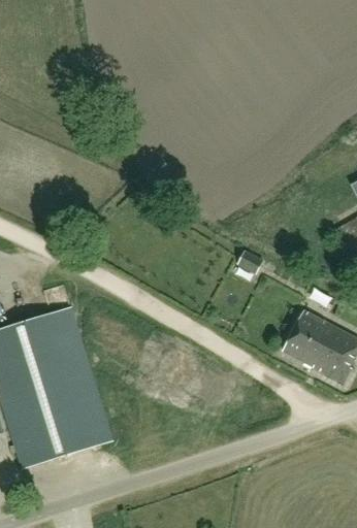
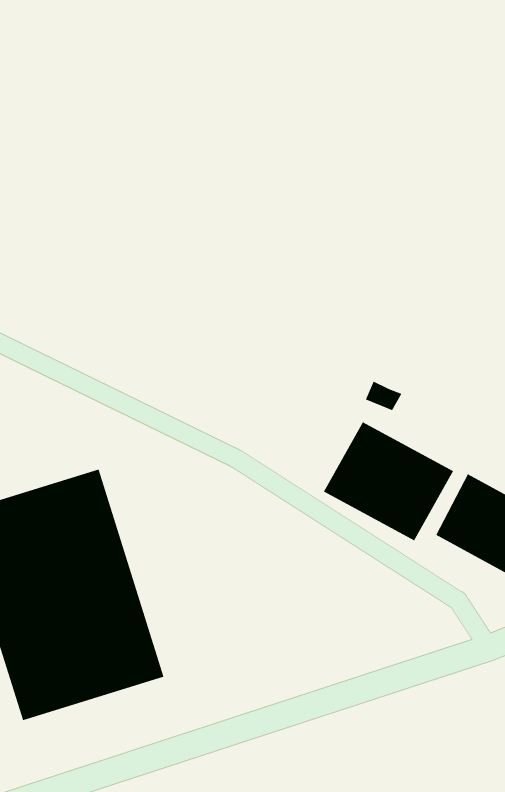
building: none -> [323,421,454,542]

